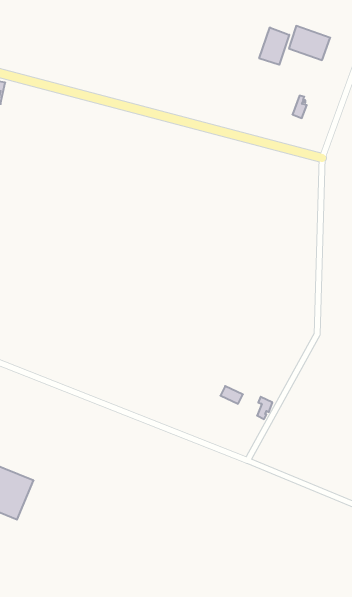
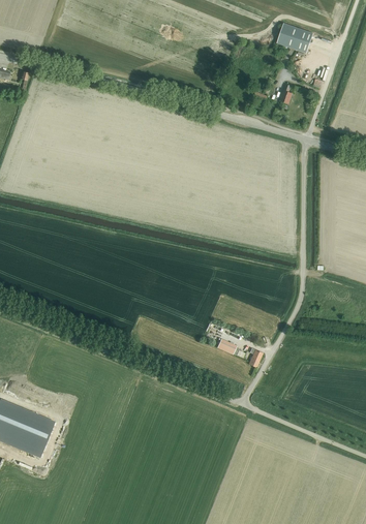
building: [259,27,289,65] -> none

